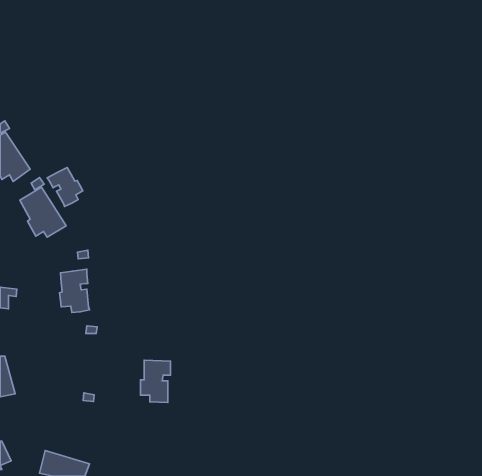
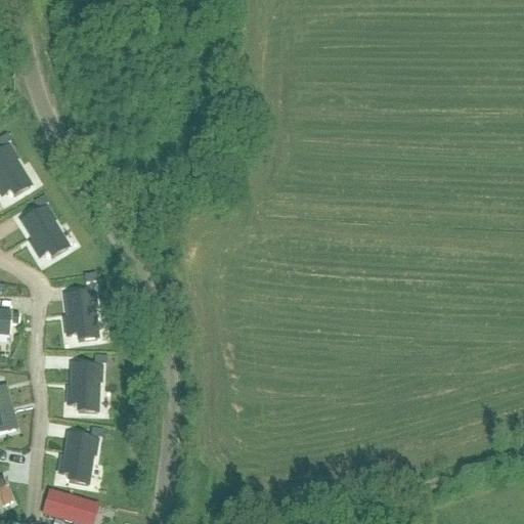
building: [47,168,83,206] -> none
building: [140,360,171,403] -> [68,364,100,410]
building: none -> [58,435,96,482]

